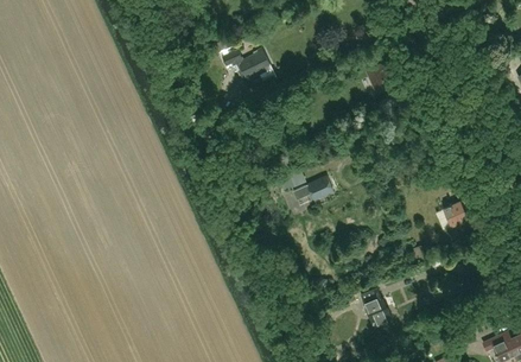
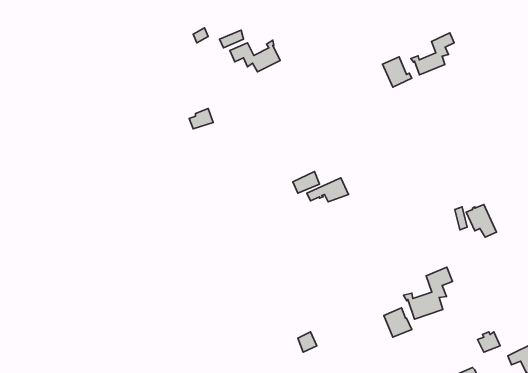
building: none -> [411,33,454,75]
building: none -> [403,267,453,319]

